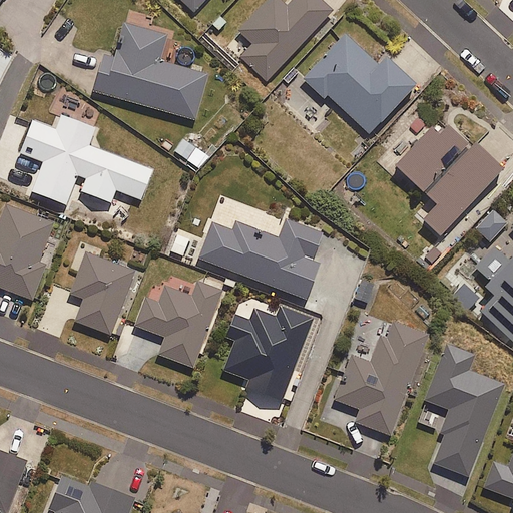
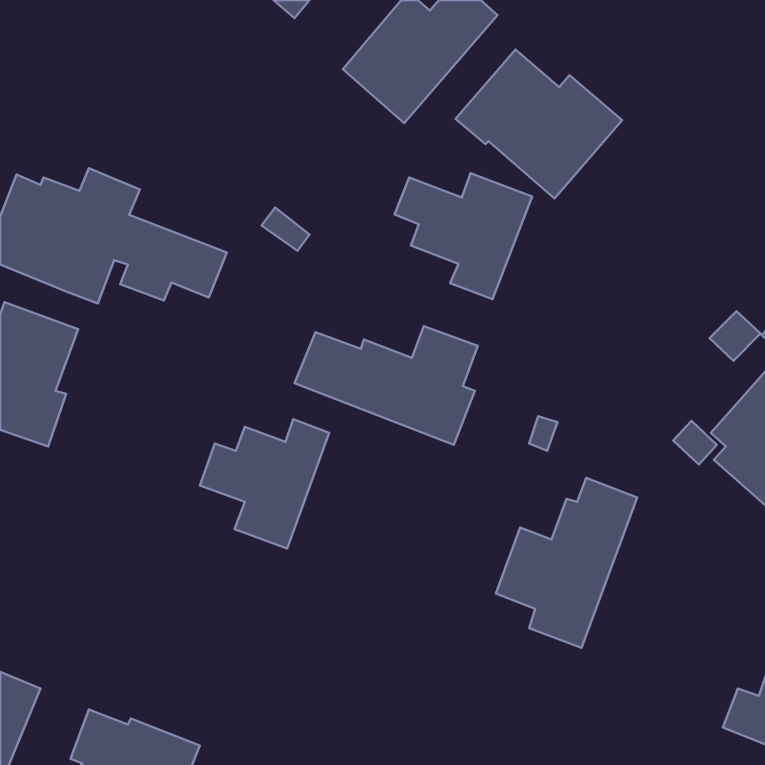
building: [92,23,209,120] -> none
building: none -> [395,173,532,299]
building: [392,118,500,234] -> none
building: [69,252,134,335] -> none
building: [223,307,312,404] -> none
building: [424,342,503,477] -> none

